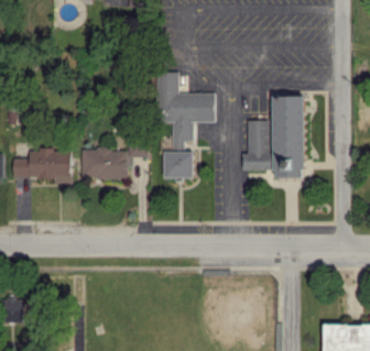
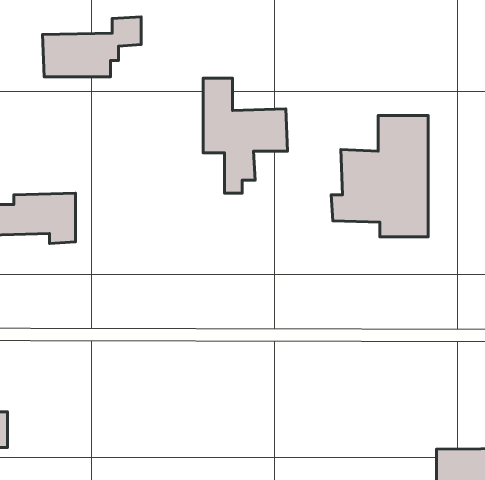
building: [80,138,148,178] -> [42,17,141,77]
building: [164,152,193,178] -> none

